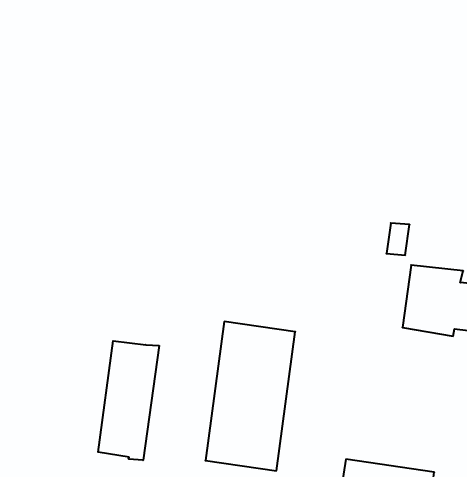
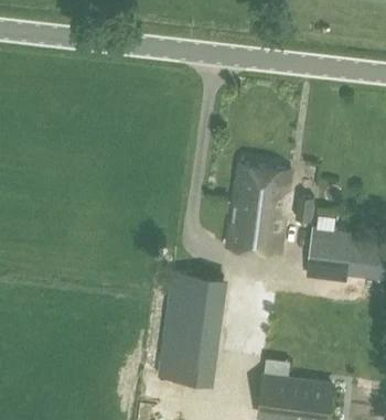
building: none -> [227,163,291,252]
building: [98,341,159,460] -> none

